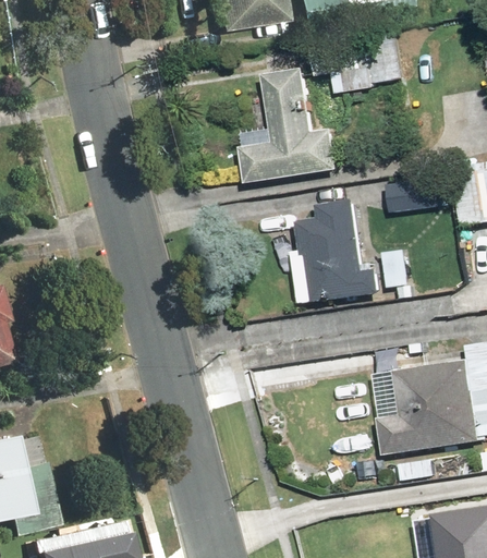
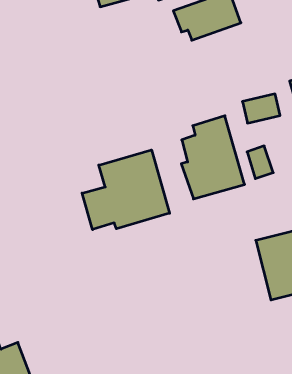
building: [238,69,337,182] -> none
building: none -> [82,150,170,230]

